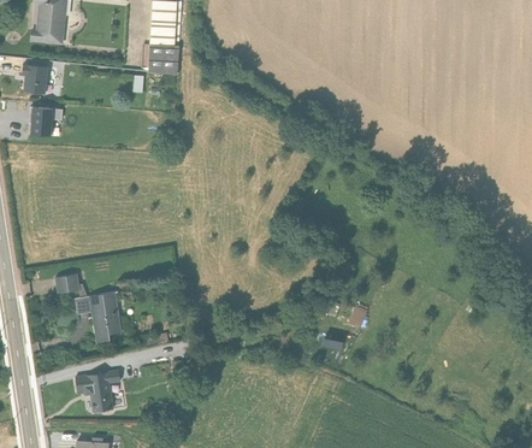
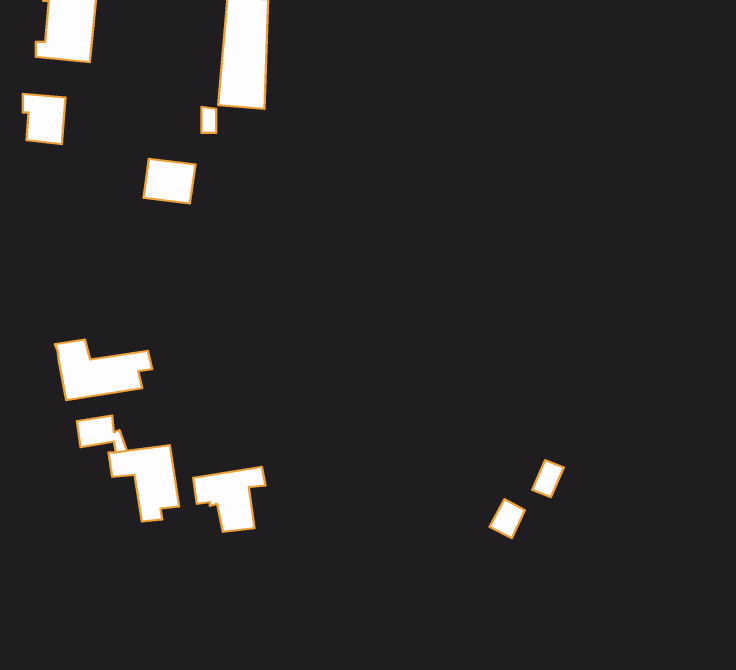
building: [29,108,63,137] -> [143,159,195,203]
building: none -> [55,339,152,400]
building: [75,370,122,412] -> [193,467,266,532]

